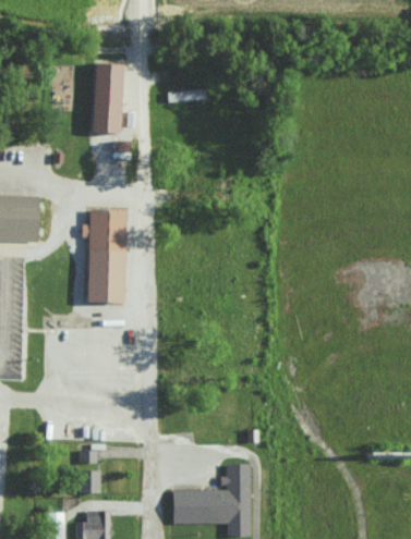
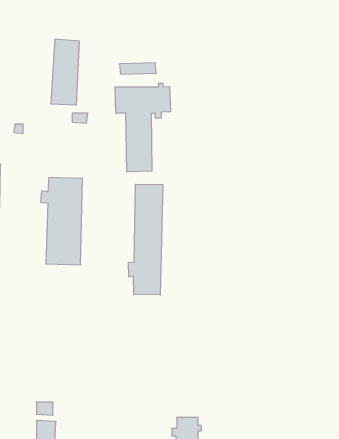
building: none -> [115,83,170,172]
building: none -> [129,184,163,295]

